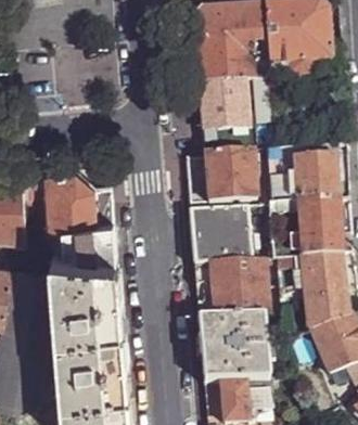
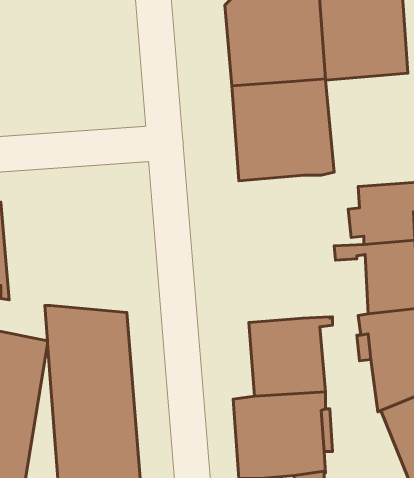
building: [182,152,259,205] -> none
building: [29,167,116,257] -> none
building: [188,208,251,266] -> none

